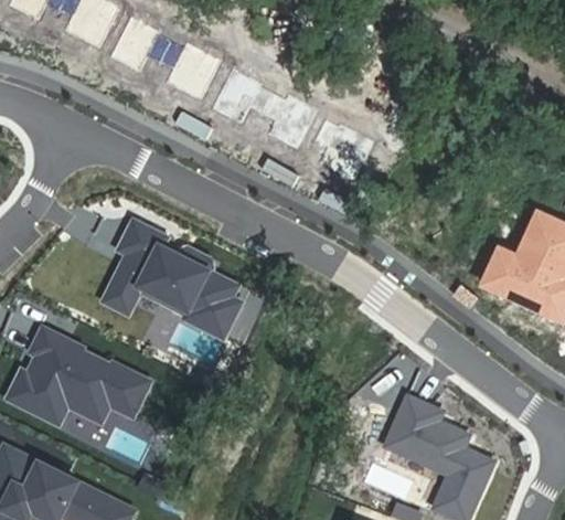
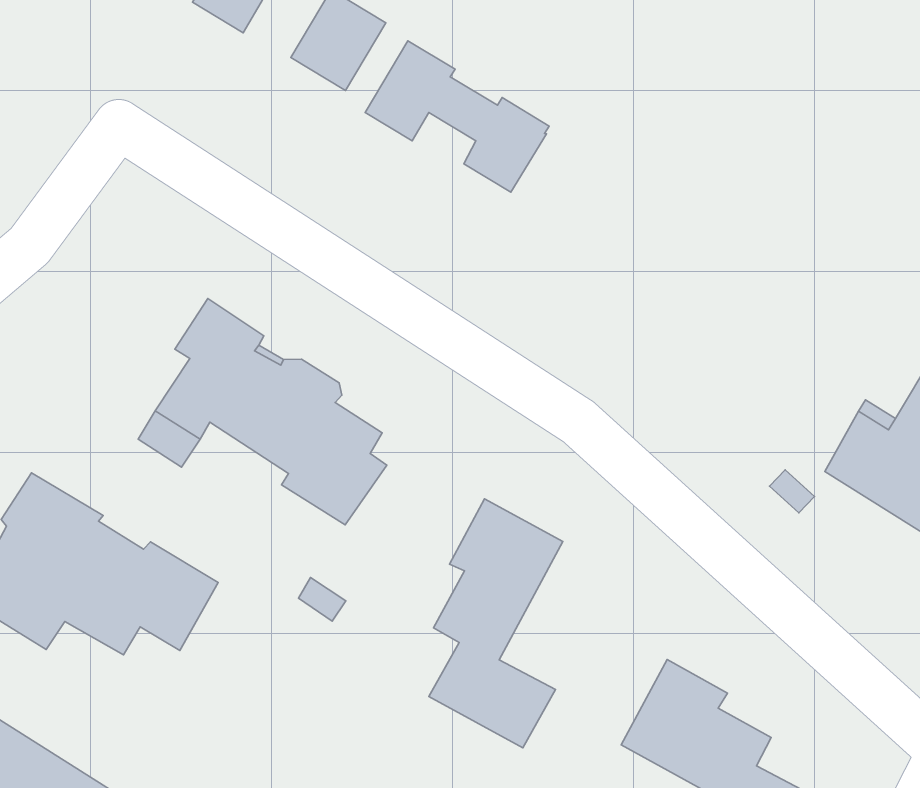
building: none -> [429,499,563,748]

